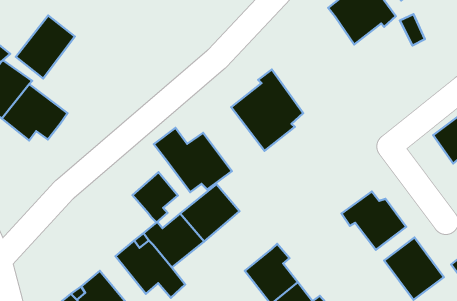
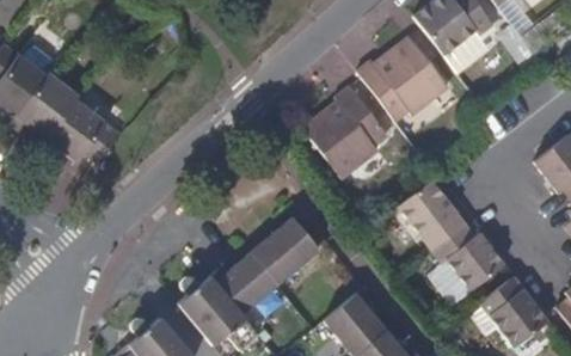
building: [16,16,75,78] -> none
building: none -> [361,36,452,122]
building: [154,128,232,192] -> none
building: none -> [400,180,468,250]
building: [133,172,178,222] -> none

